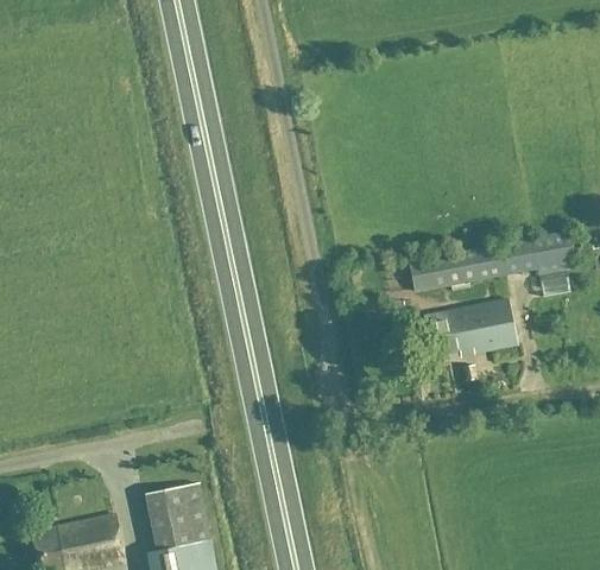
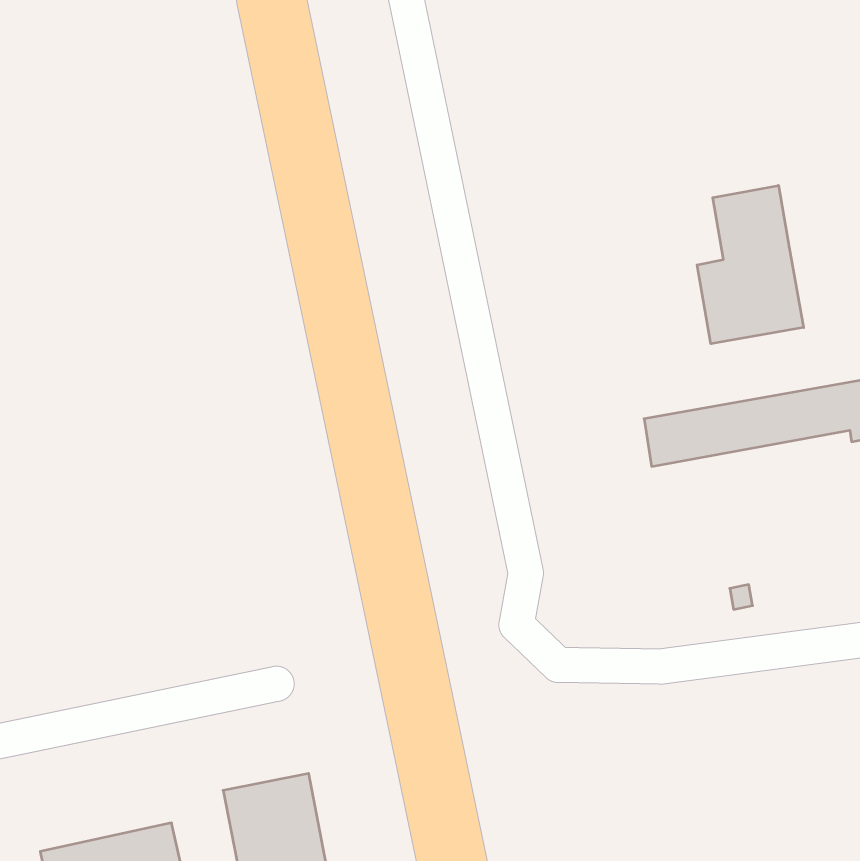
building: none -> [697,185,804,344]
building: [423,299,514,356] -> none

